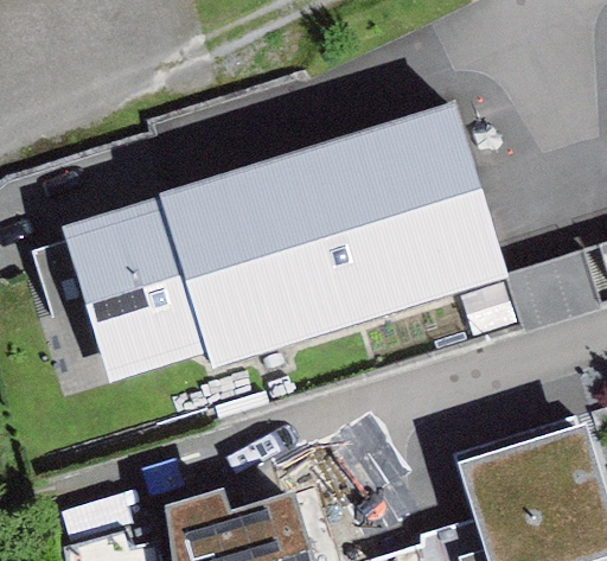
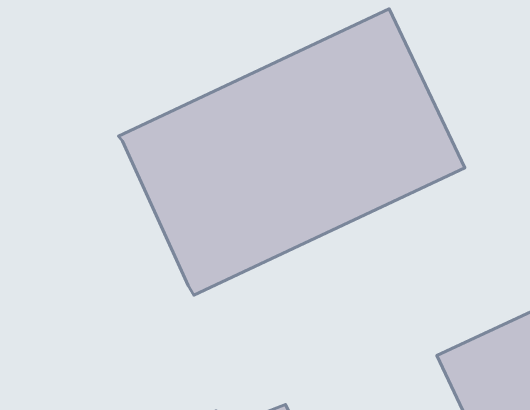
building: [62,197,211,385] -> none

